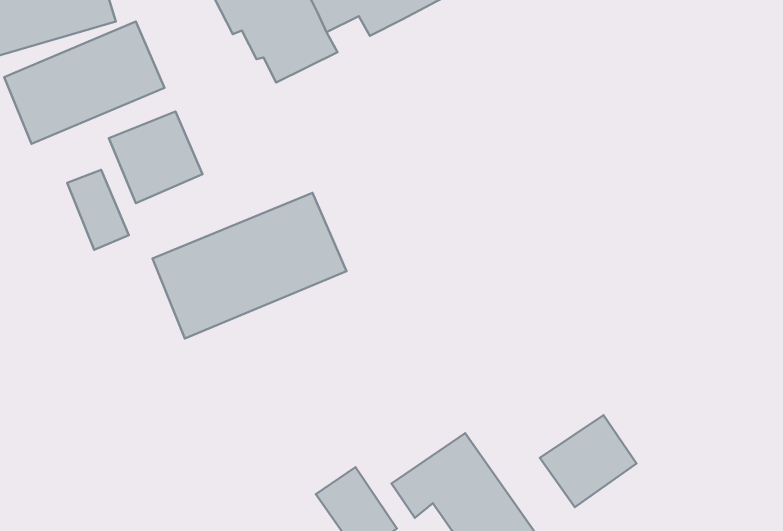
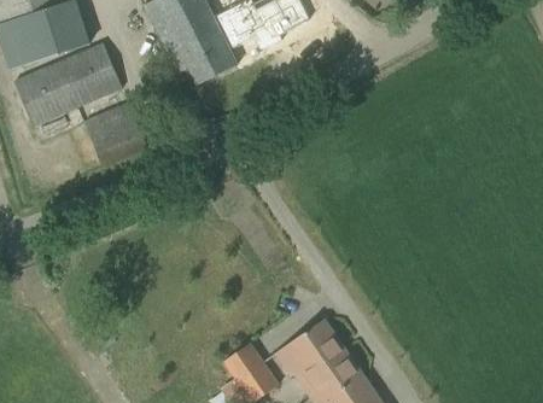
building: [67,170,129,250] -> none
building: [153,193,346,338] -> none
building: [540,415,636,507] -> none

